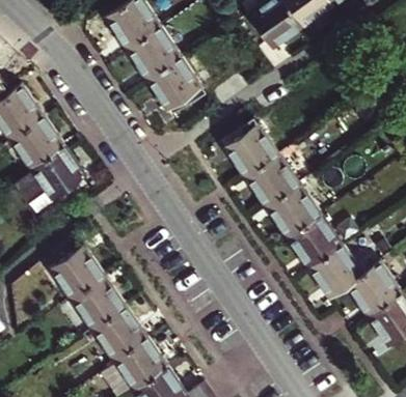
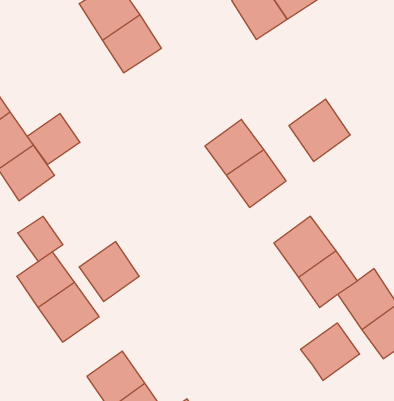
building: [148,58,202,110] -> none
building: none -> [27,113,80,165]
building: [266,181,323,239] -> [289,99,350,161]
building: none -> [18,216,63,261]
building: [91,308,147,364] -> [79,242,139,302]
building: none -> [301,323,360,381]

